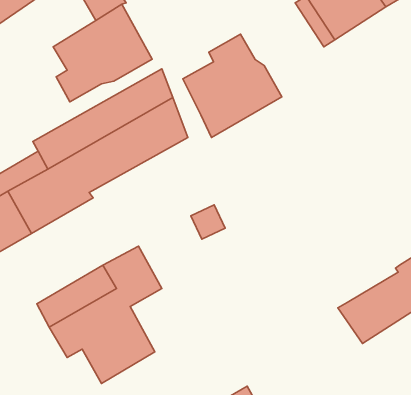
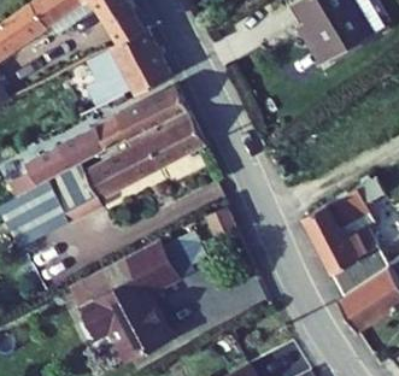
building: [183,34,282,138] -> none
building: none -> [295,178,385,286]

